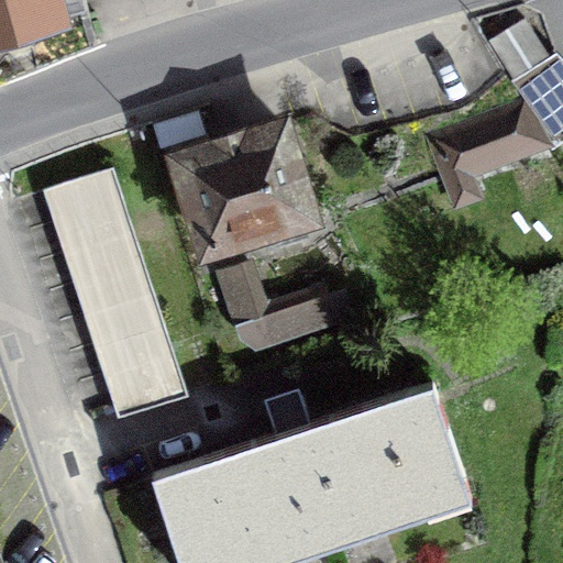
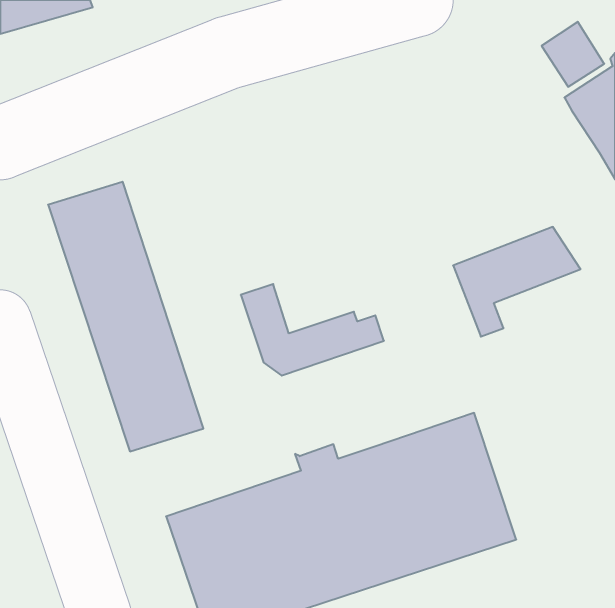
building: [431,108,548,208] -> [453,227,581,337]
building: [179,130,309,250] -> none

